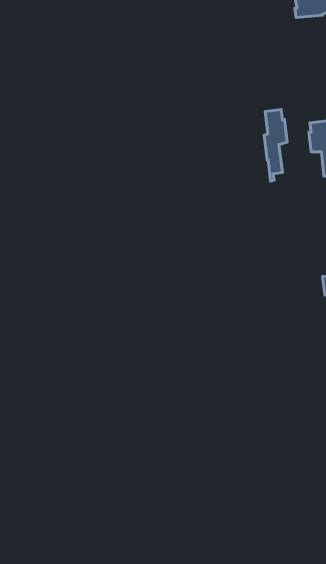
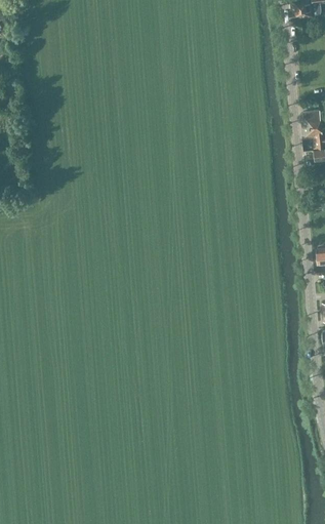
building: [264,109,287,181] -> none

